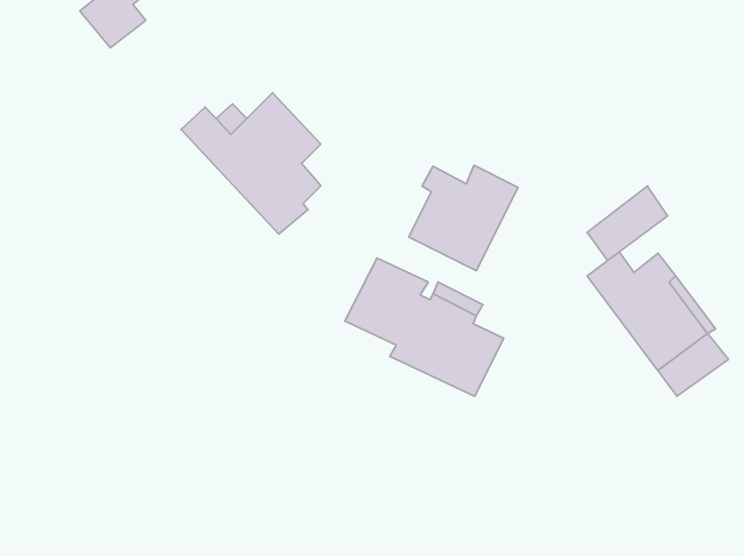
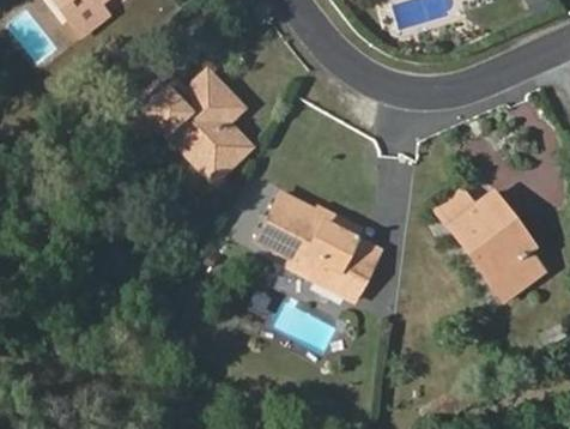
building: [409,165,518,271] -> none
building: [587,186,668,260] -> none

